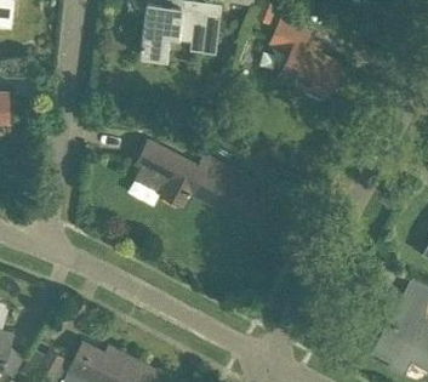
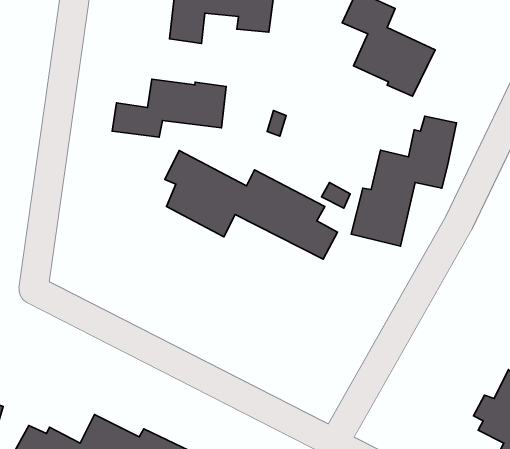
building: none -> [112,79,226,137]
building: none -> [351,116,456,246]

